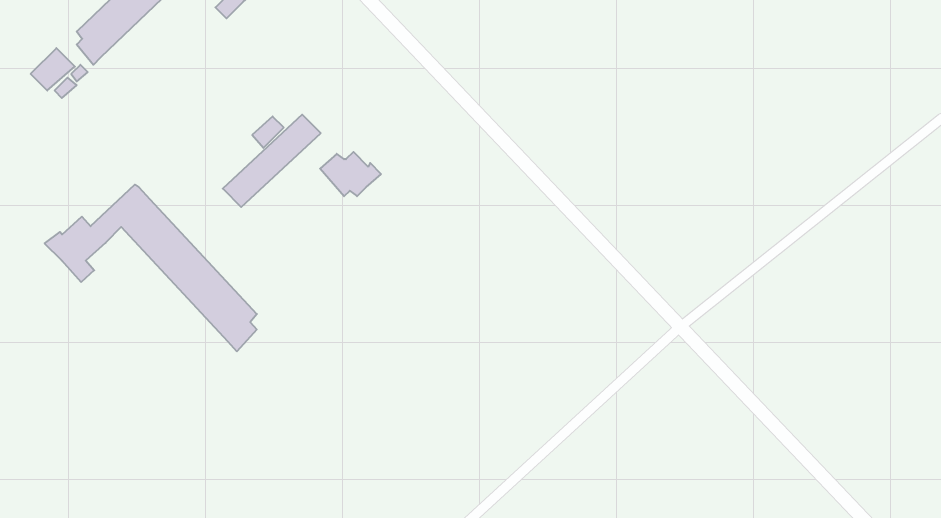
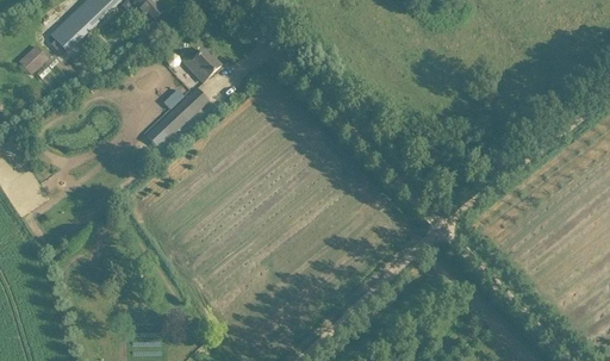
building: [320,152,381,196] -> [181,50,220,79]
building: [45,185,257,351] -> none

